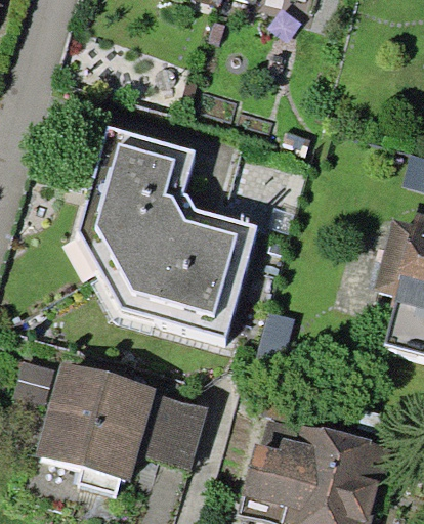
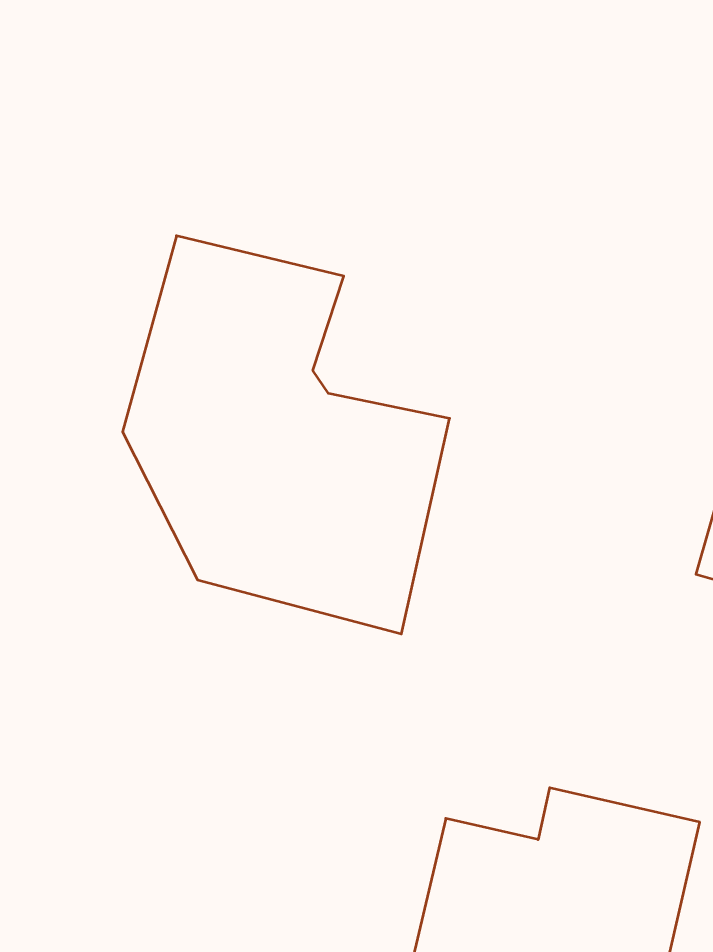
building: [41,366,214,481] -> none

